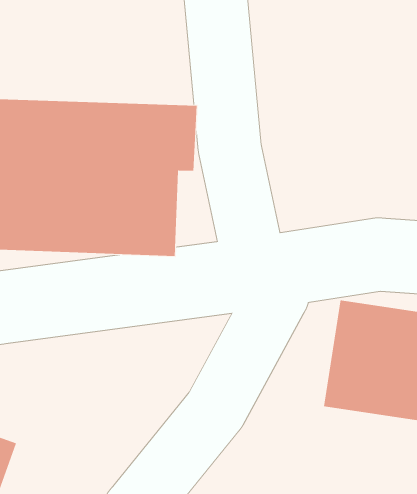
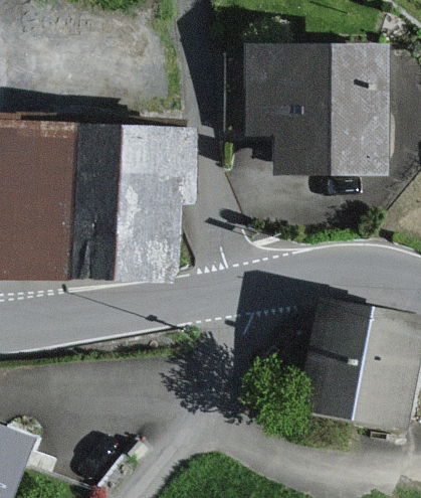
building: none -> [252,54,376,170]

